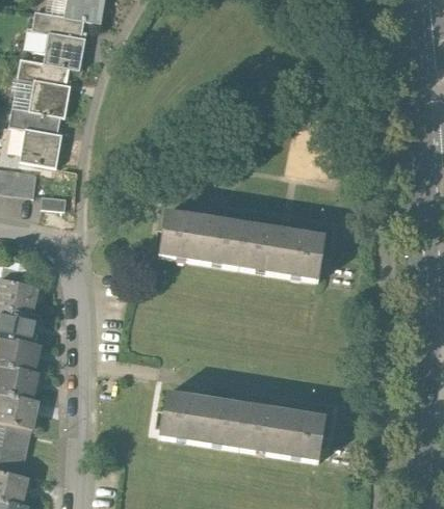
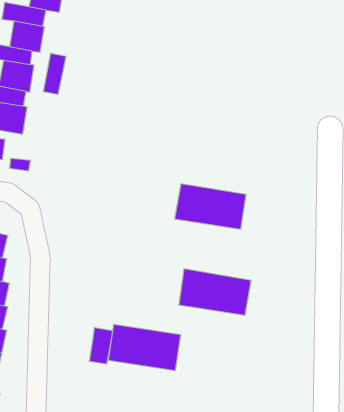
building: none -> [43,53,66,95]
building: [159,211,244,266] -> none
building: none -> [90,327,113,364]
building: [238,404,324,459] -> [179,269,251,315]

